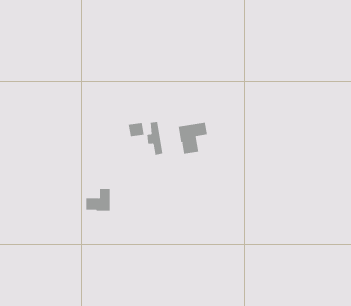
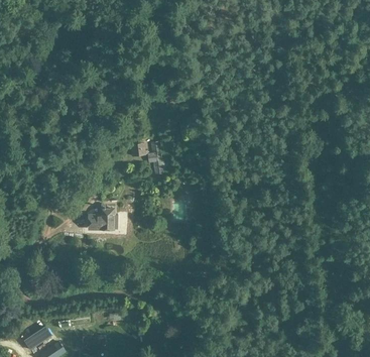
building: [178,122,207,155] -> none

